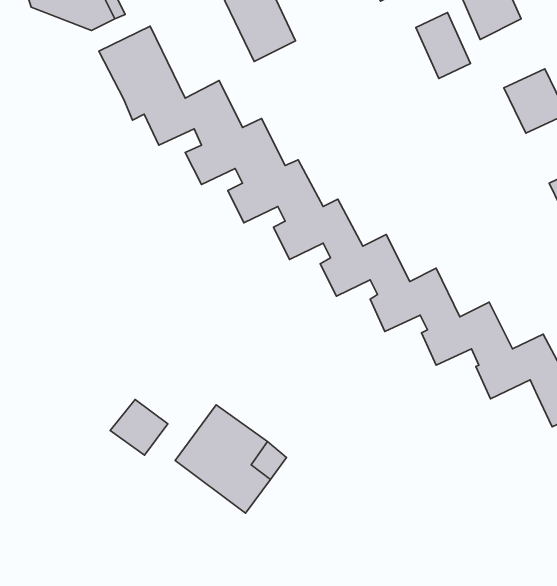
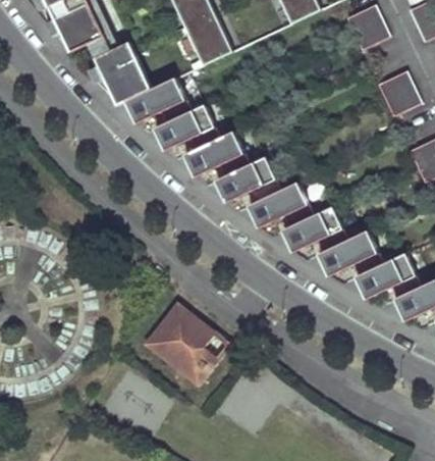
building: [416,12,470,79] -> none
building: [110,400,168,455] -> none

